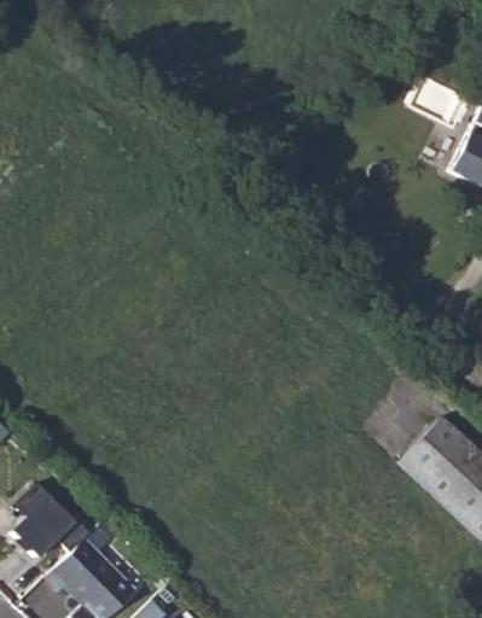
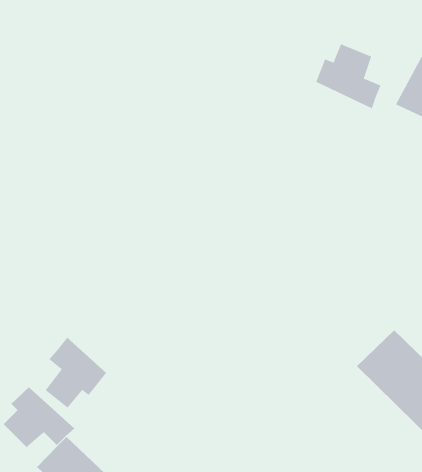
building: none -> [316,43,381,109]
building: none -> [45,337,107,409]

